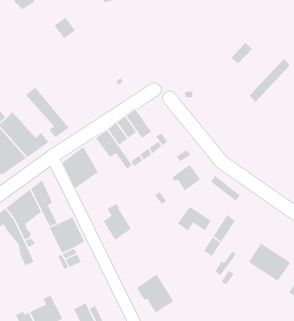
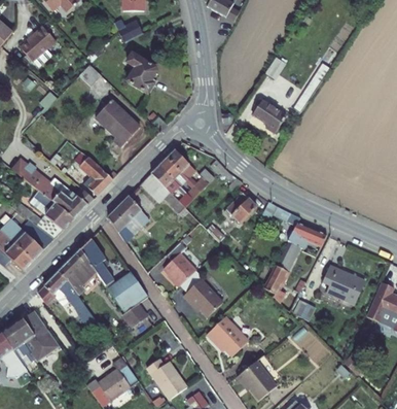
building: none -> [124,52,155,93]
building: none -> [92,100,137,147]
building: none -> [254,104,285,136]
building: [177,206,212,231] -> [288,219,324,246]
building: none -> [179,280,219,319]

